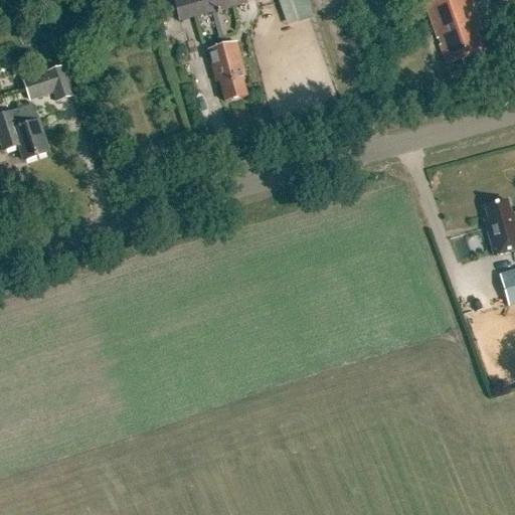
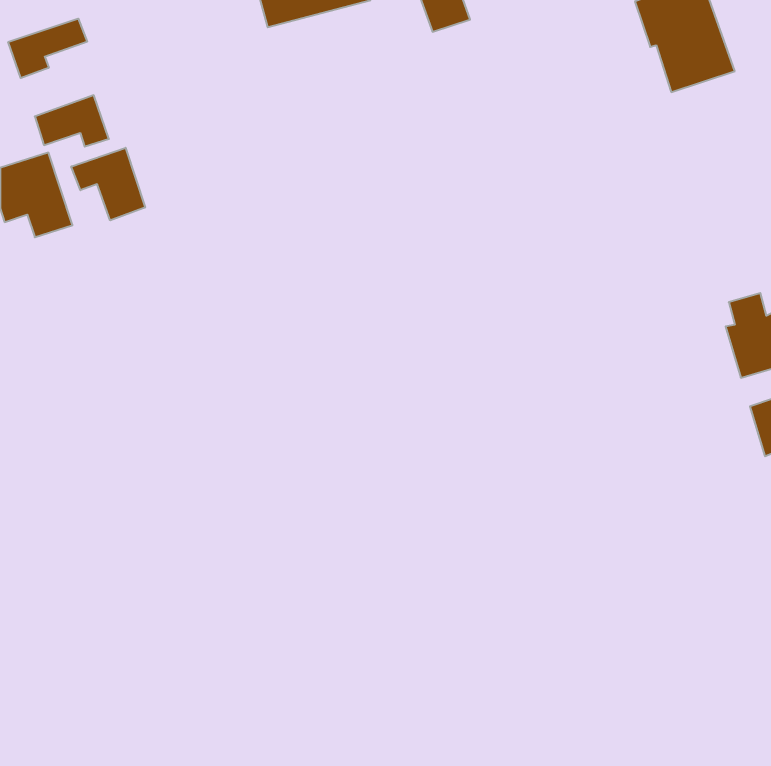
building: none -> [8,19,87,78]
building: [208,39,247,100] -> none
building: none -> [71,148,145,220]

